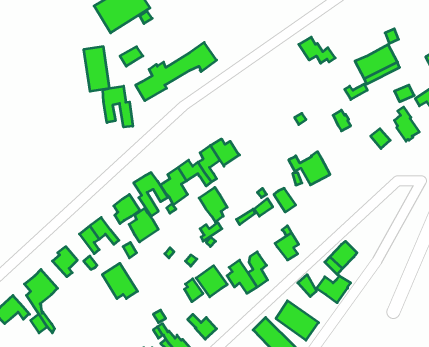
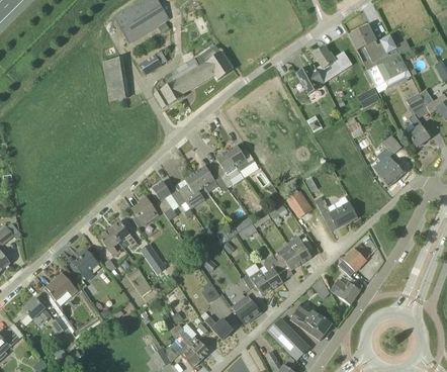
building: none -> [349,25,395,70]
building: none -> [296,67,324,94]
building: [103,86,133,127] -> none
building: none -> [374,157,404,187]
building: [289,152,330,185] -> [317,195,357,227]
building: [199,187,227,222] -> none
building: [129,208,158,242] -> none
building: none -> [272,246,301,270]
building: [196,266,227,297] -> [231,294,261,324]

